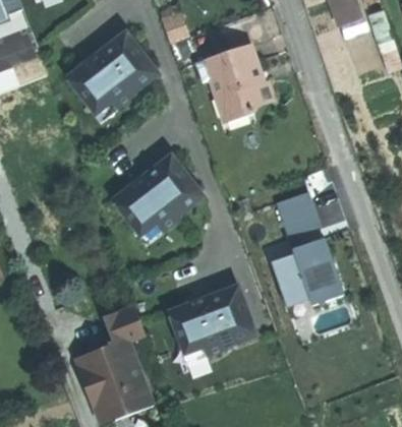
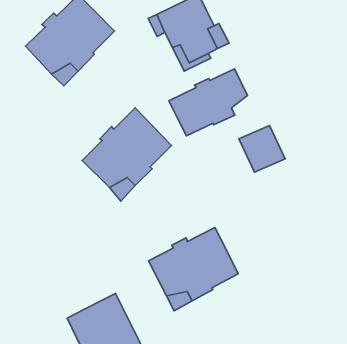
building: none -> [169,69,247,136]
building: [263,234,338,306] -> none
building: [105,305,147,345] -> none

